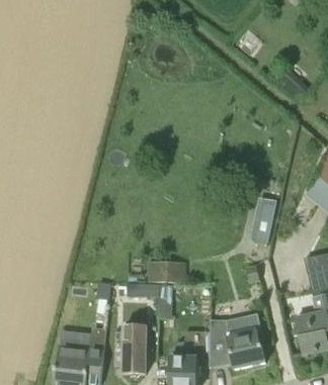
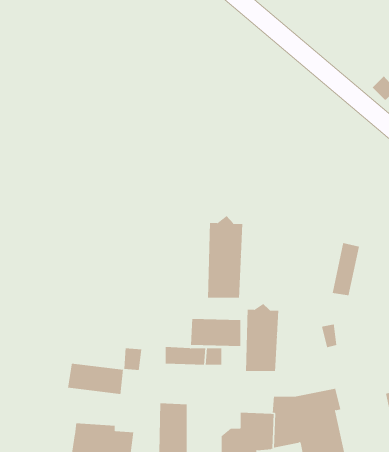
building: none -> [207,215,243,299]
building: none -> [245,303,279,372]
building: none -> [68,363,124,395]

